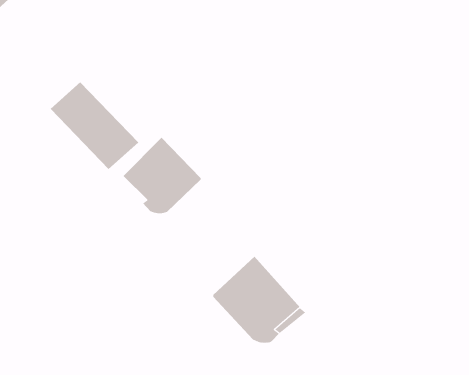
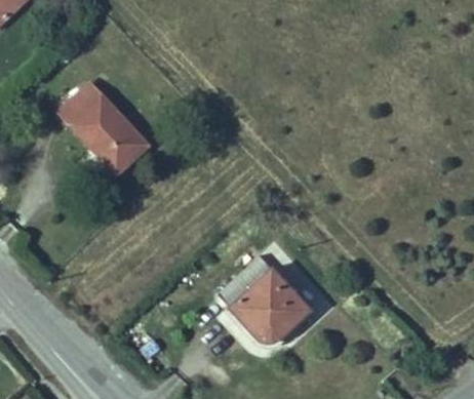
building: [122,137,201,214] -> none

